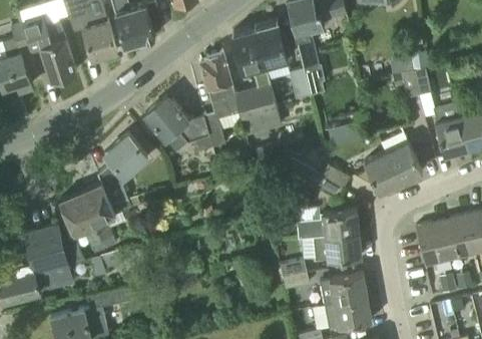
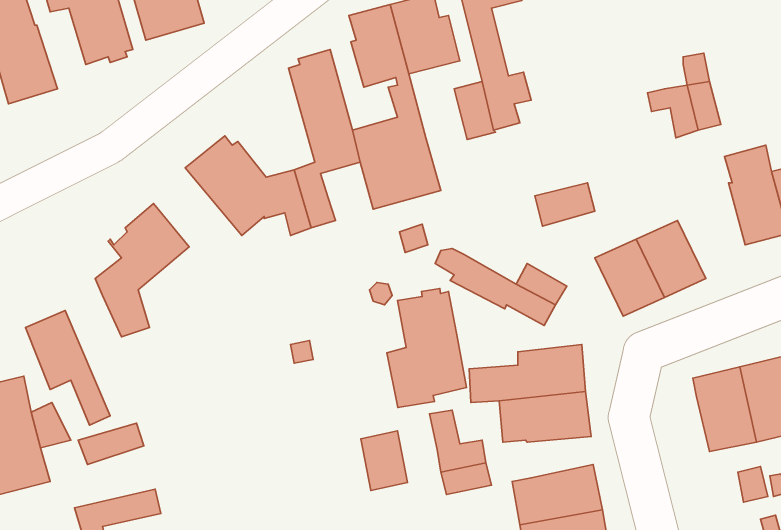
building: none -> [387,289,467,408]
building: [81,183,138,247] -> none
building: none -> [361,431,407,490]

